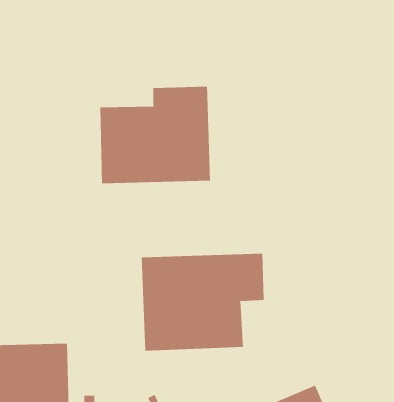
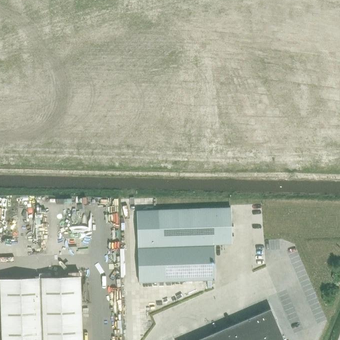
building: [100,86,210,184] -> none

